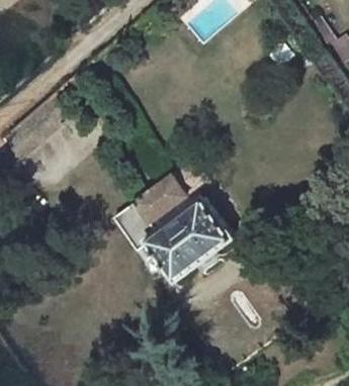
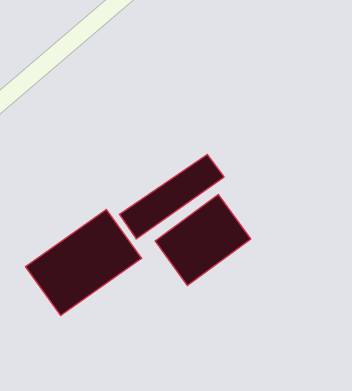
building: none -> [25,209,142,316]

